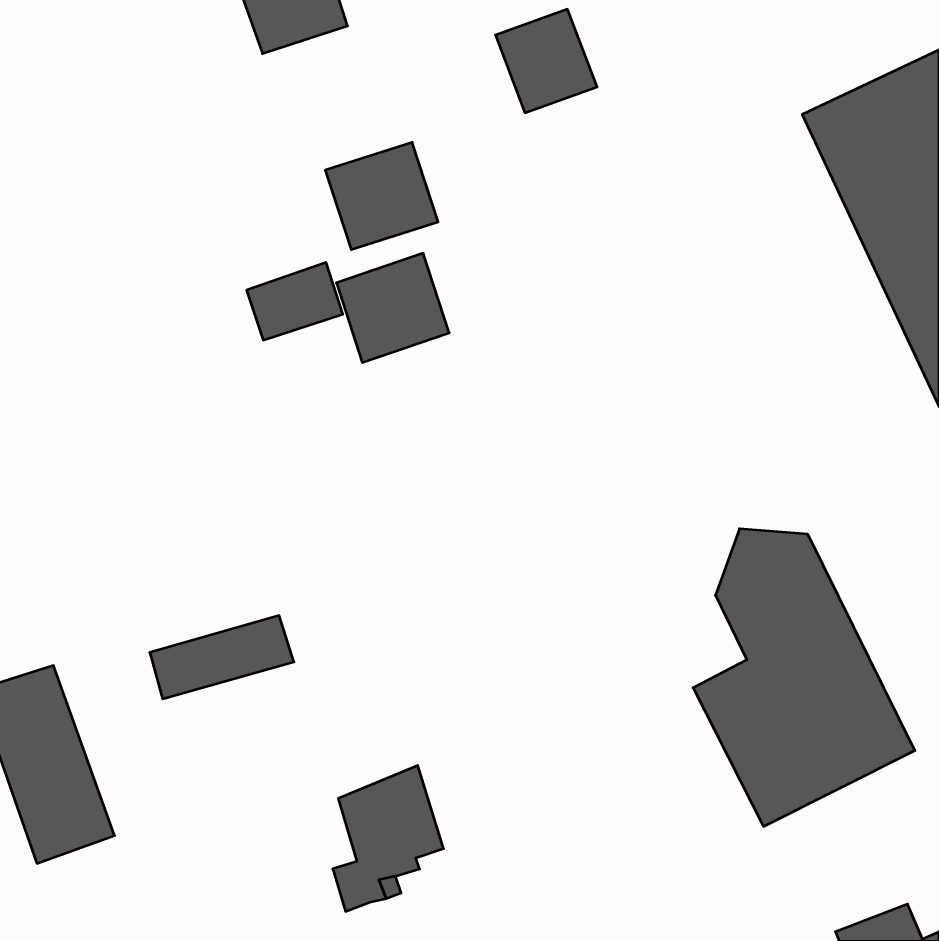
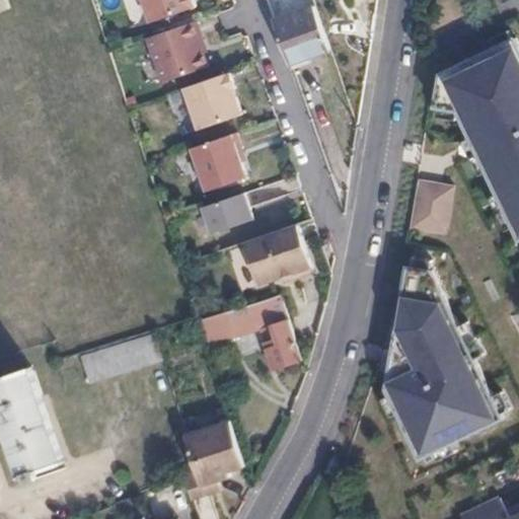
building: none -> [142,24,204,83]
building: [247,263,343,340] -> [196,198,248,240]
building: none -> [406,177,452,234]
building: none -> [237,228,312,294]
building: none -> [198,294,301,367]

